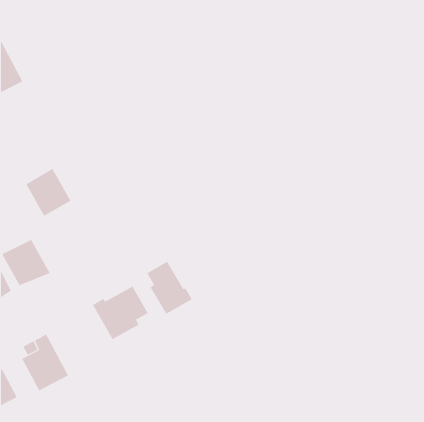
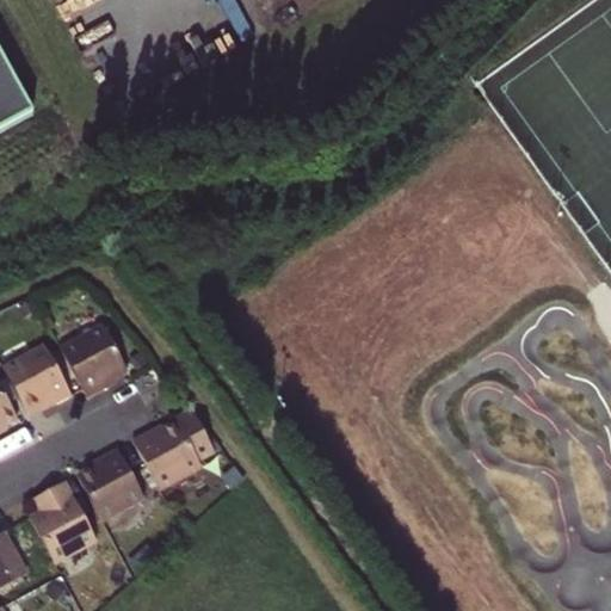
building: [26,168,71,216] -> [63,325,129,394]
building: [146,261,192,315] -> none
building: none -> [79,446,144,519]

